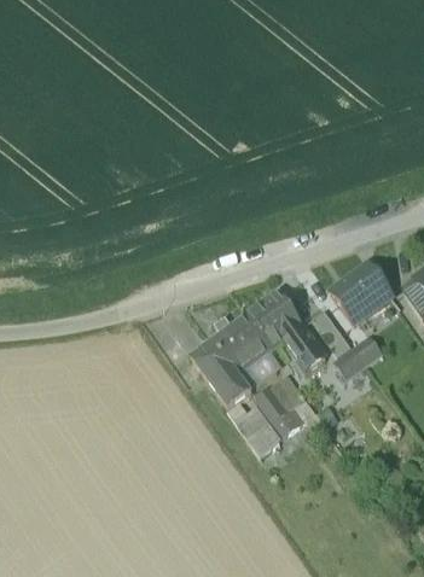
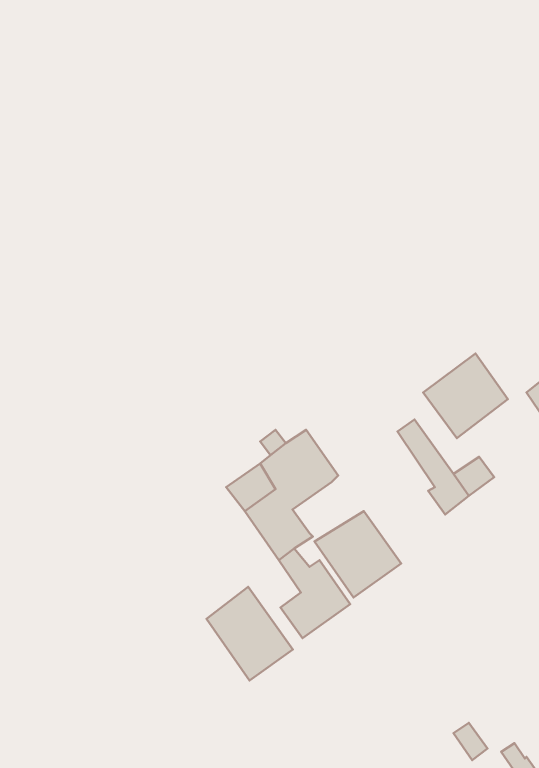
building: [246,293,325,373] -> none
building: [237,355,277,391] -> none
building: none -> [206,587,293,681]

